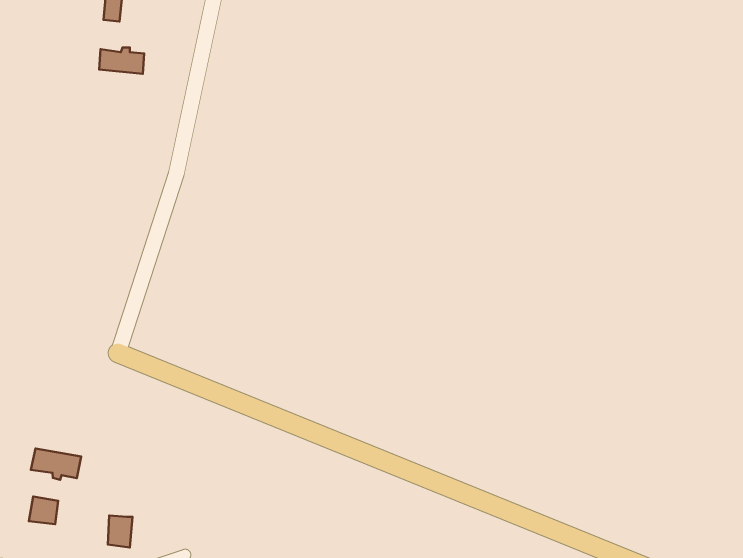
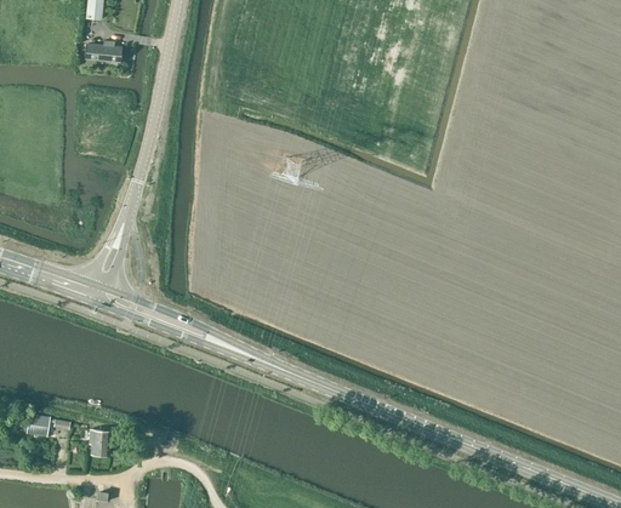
building: [31,448,81,480] -> none

